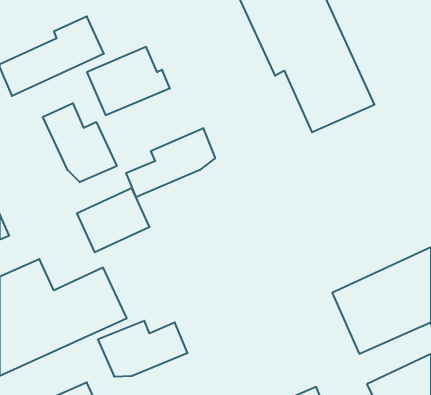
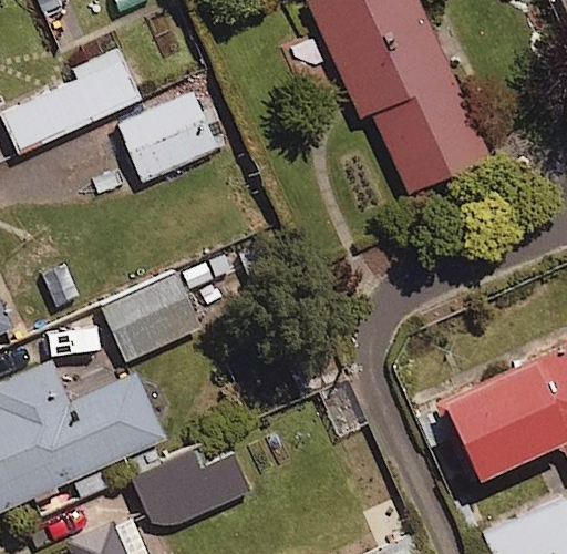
building: [43,103,117,182] -> none
building: [126,128,215,197] -> none

